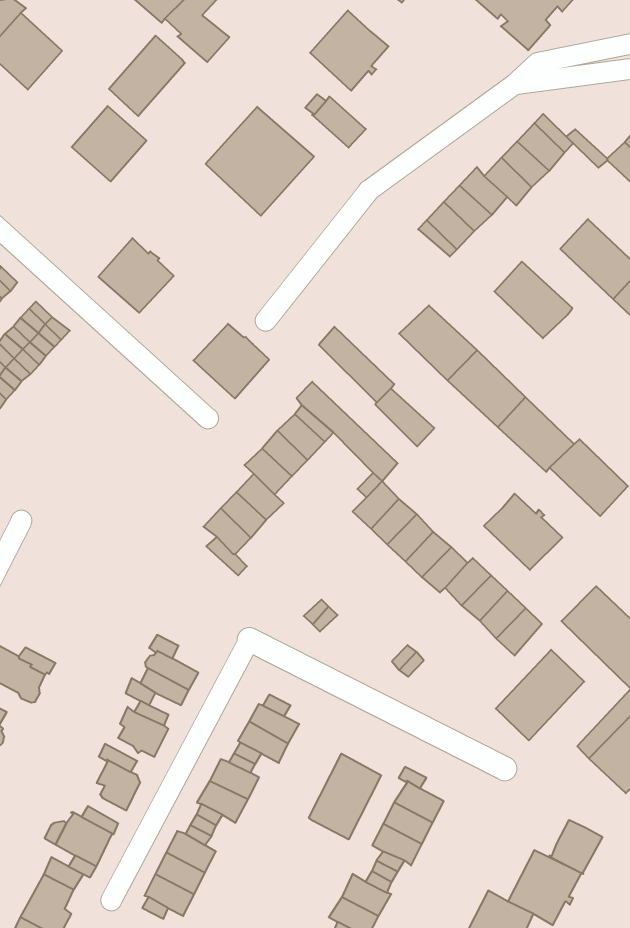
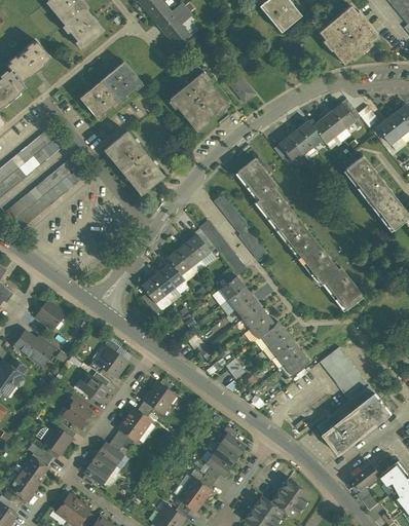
building: [310,10,389,91] -> none
building: [109,36,185,116] -> none
building: none -> [79,81,118,120]
building: [494,262,572,338] -> [237,158,276,199]
building: [193,324,269,398] -> [123,155,162,194]
building: [484,494,562,570] -> none
building: none -> [35,300,65,330]
building: [496,650,584,740] -> none
building: [309,754,381,839] -> none
building: [550,820,602,874] -> none

